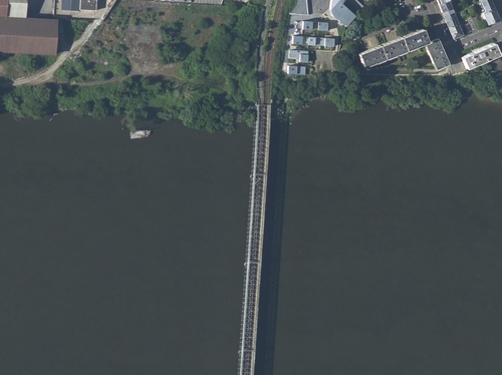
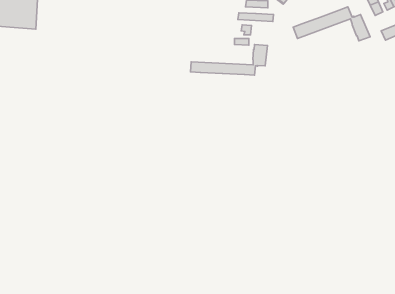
building: none -> [190,45,267,75]

